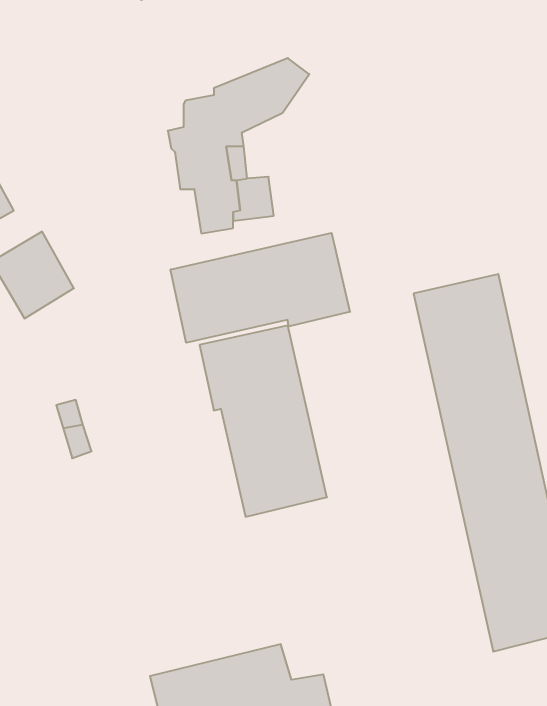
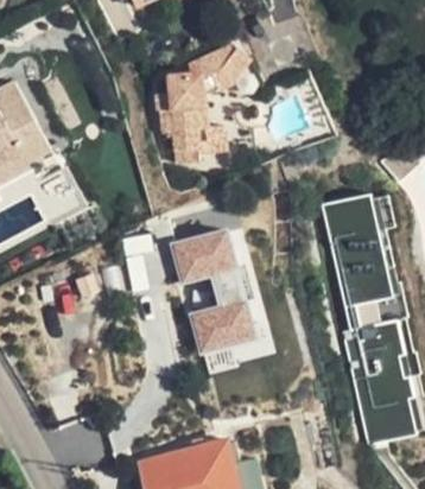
building: [171,233,350,343] -> none

